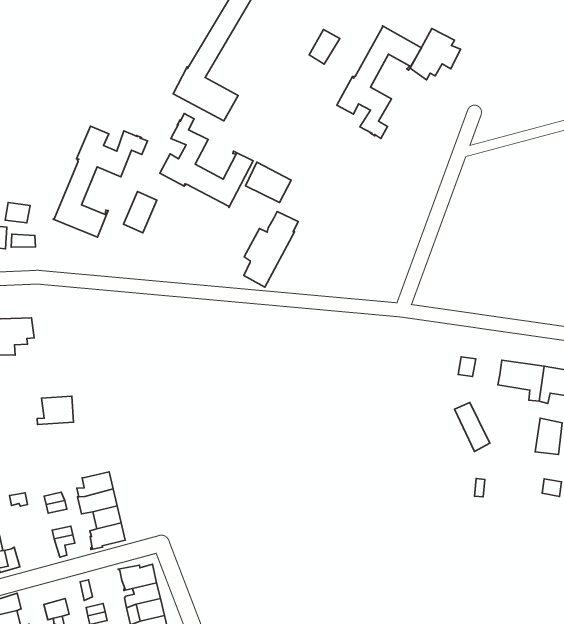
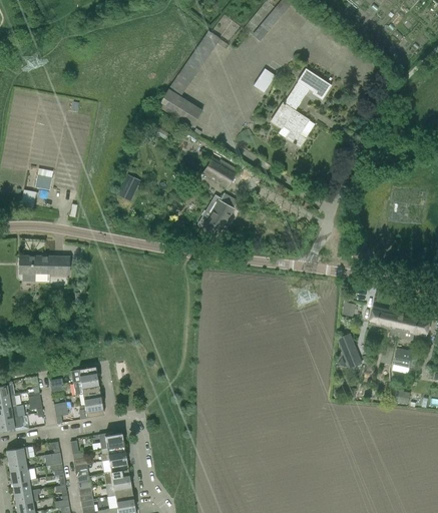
building: [410,28,461,80] -> none
building: [160,113,253,207] -> none
building: [53,126,148,237] -> none
building: [37,396,73,424] -> [45,255,70,274]

